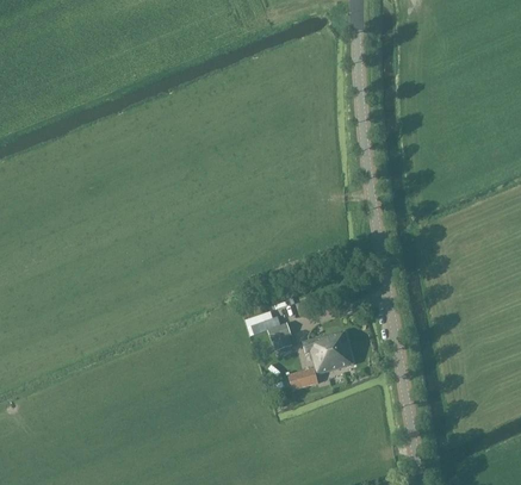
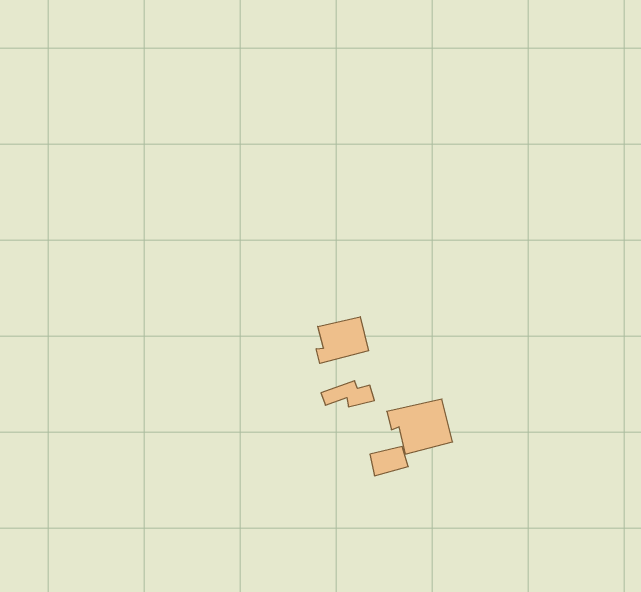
building: none -> [316,317,368,363]

